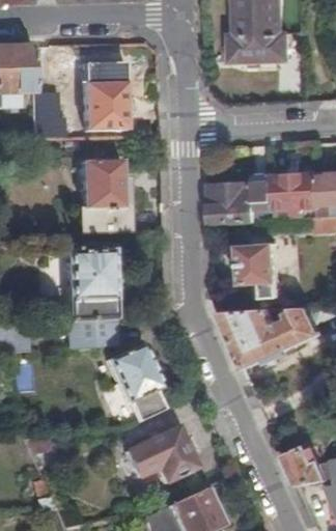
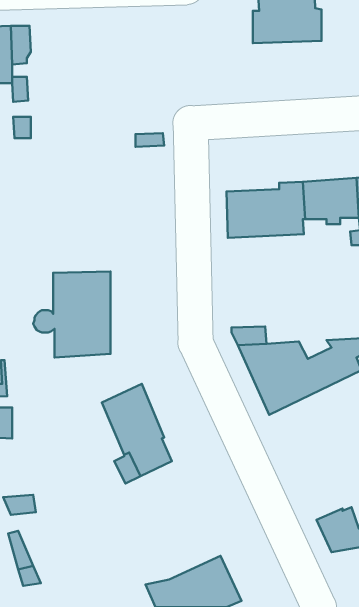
building: [82,63,127,133] -> none
building: [80,162,130,234] -> none
building: [240,244,281,298] -> none
building: [67,319,115,346] -> none
building: [124,424,197,484] -> none

